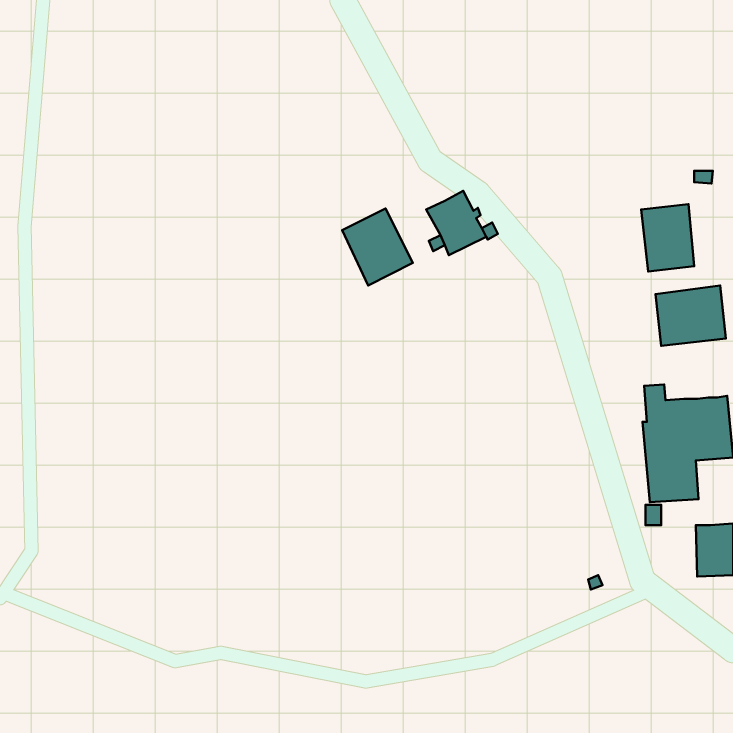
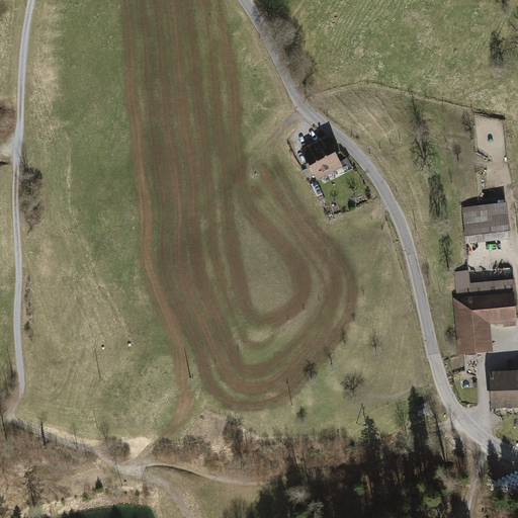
building: [641,204,694,271] -> none
building: [342,208,413,285] -> none

